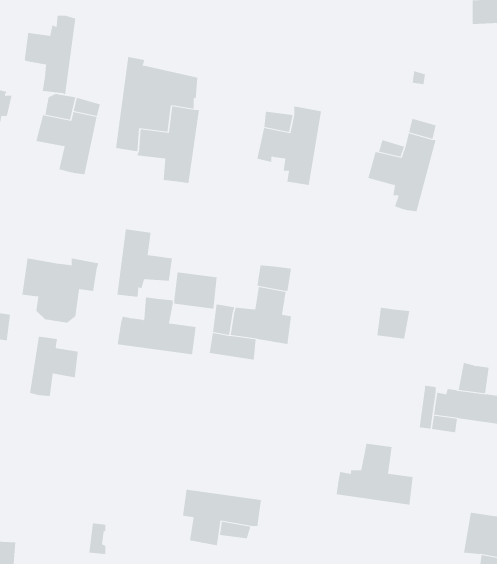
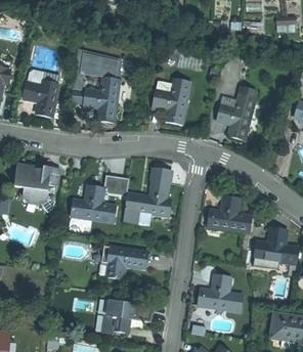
building: [24,15,76,95] -> none
building: [117,228,172,298] -> none
building: none -> [206,209,251,230]
building: [30,336,79,397] -> none
building: none -> [102,246,147,278]

